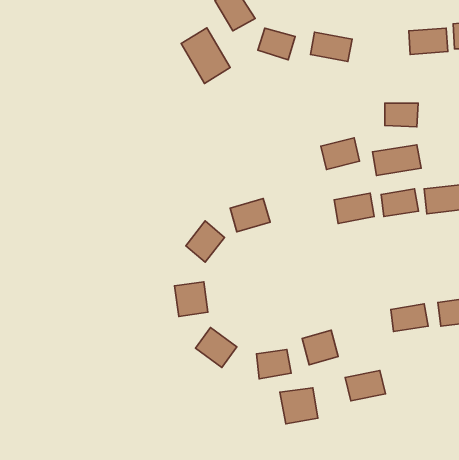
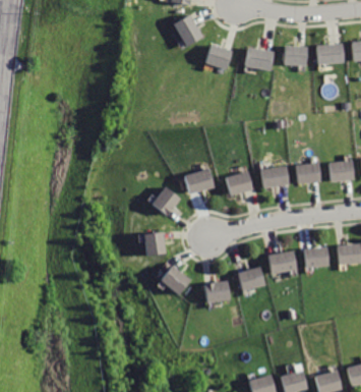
building: [181,28,230,83] -> none
building: [385,103,418,127] -> [283,47,307,64]
building: [321,138,360,170] -> [226,172,254,195]
building: [372,145,421,175] -> none
building: [345,370,385,401] -> [267,250,297,273]
building: [280,388,318,424] -> none

